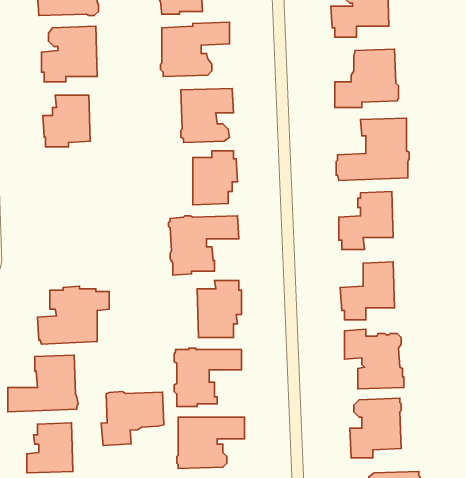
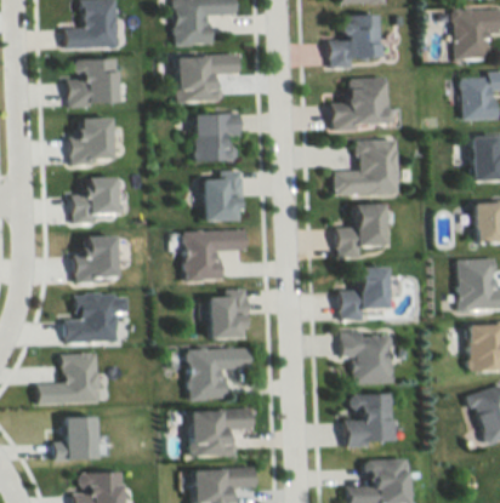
building: none -> [74,178,118,224]
building: none -> [75,238,118,285]
building: [101,391,164,446] -> none

